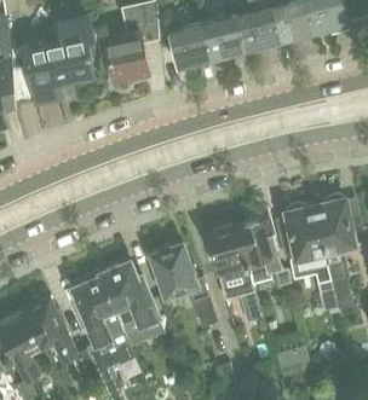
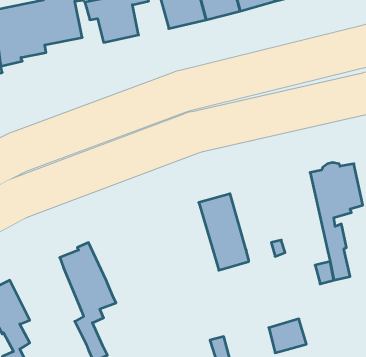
building: [286,205,330,284] -> none
building: [236,218,281,282] -> none
building: [150,243,217,330] -> none
building: [99,262,159,327] -> none
building: [23,297,97,379] -> none

